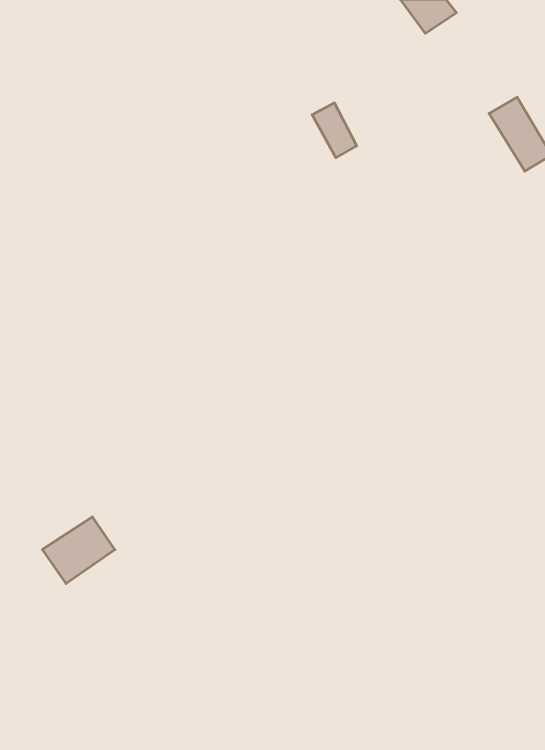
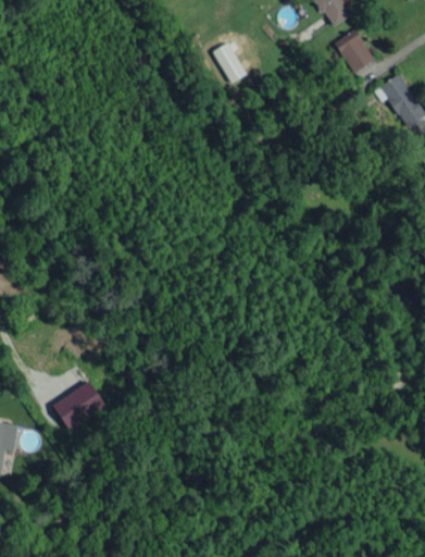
building: none -> [333,28,374,73]
building: [312,103,357,158] -> [213,42,246,83]

